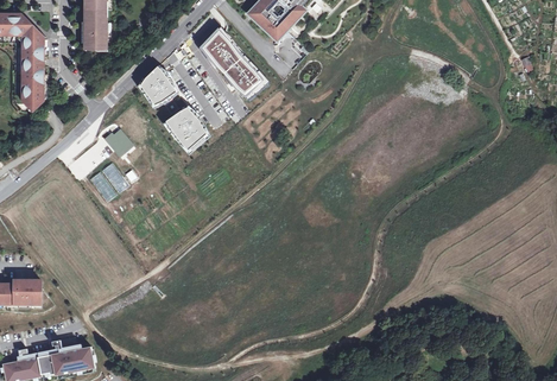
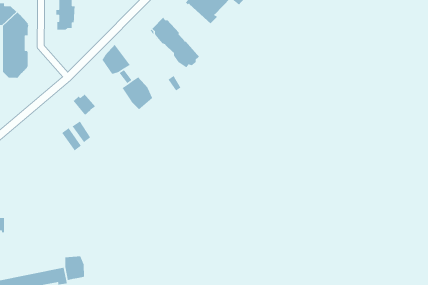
building: [18,280,45,305] -> none
building: none -> [64,255,85,281]

